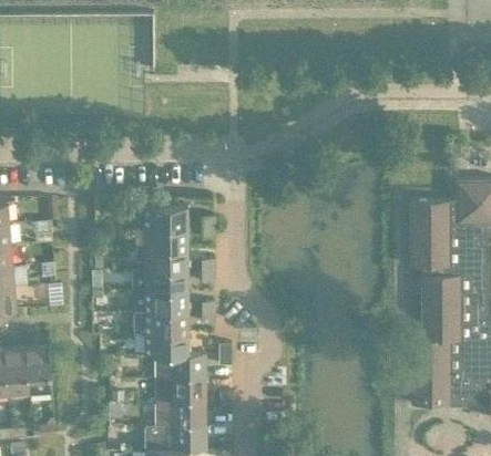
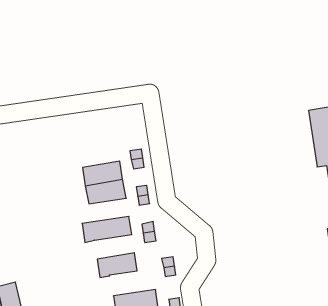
building: [145,205,188,228] -> none
building: [135,270,190,291] -> none
building: [146,312,190,334] -> none
building: [157,354,207,379] -> none

